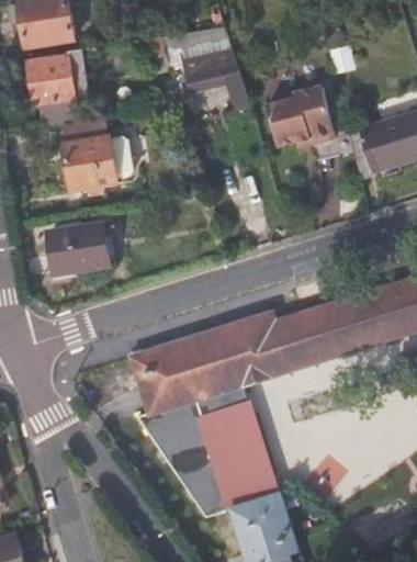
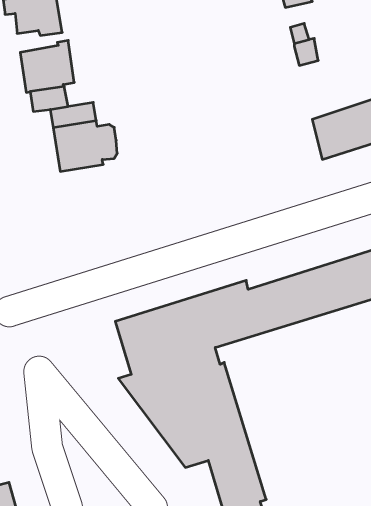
building: [161,25,248,106] -> none
building: [267,86,335,145] -> none
building: [50,223,110,276] -> none

